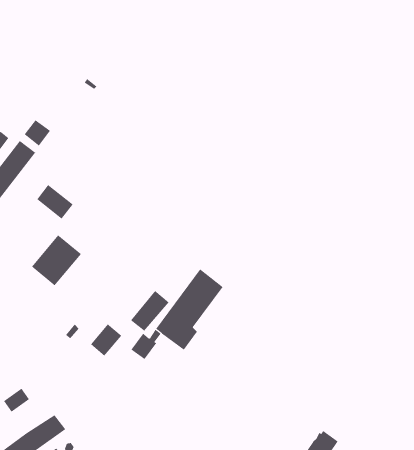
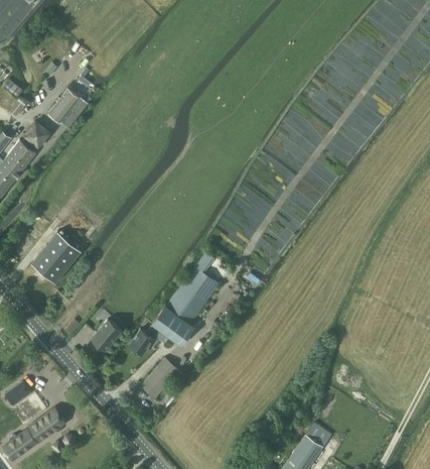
building: none -> [49,90,89,129]
building: [36,184,73,219] -> none
building: [130,290,169,332] -> [140,358,178,398]

